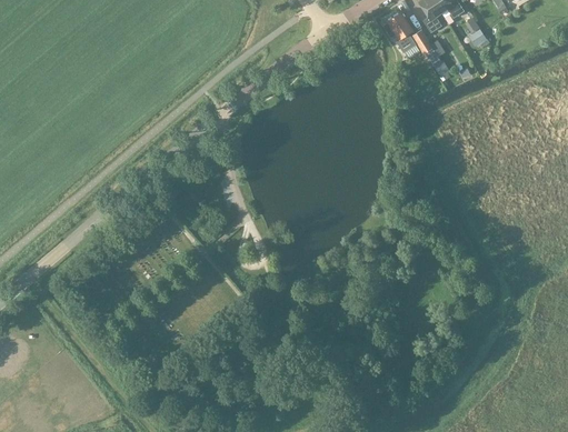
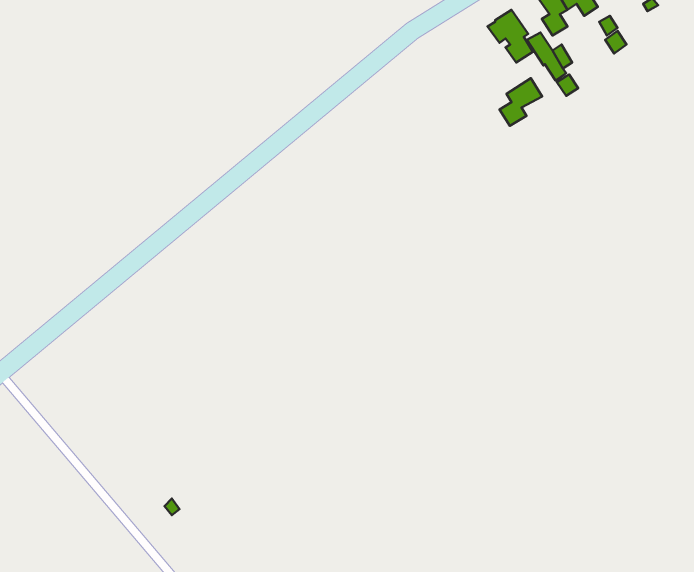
building: none -> [500,78,542,126]

